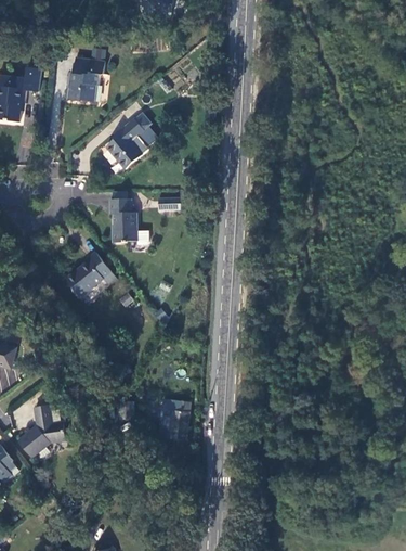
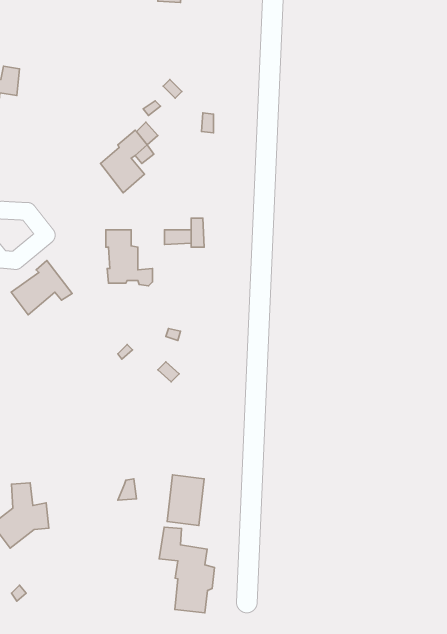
building: [67,60,105,102] -> none
building: [66,252,116,296] -> [11,260,72,315]
building: none -> [159,527,214,613]

